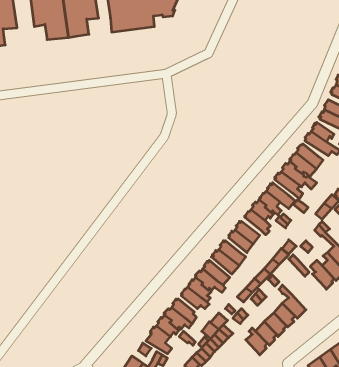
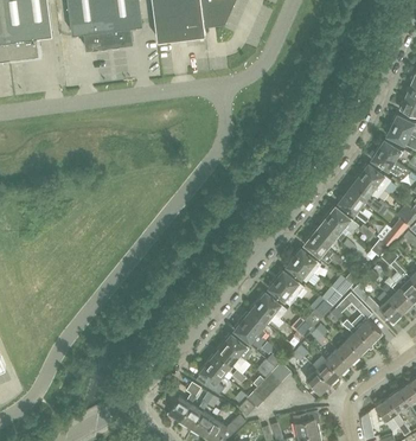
building: none -> [344,293,379,346]

